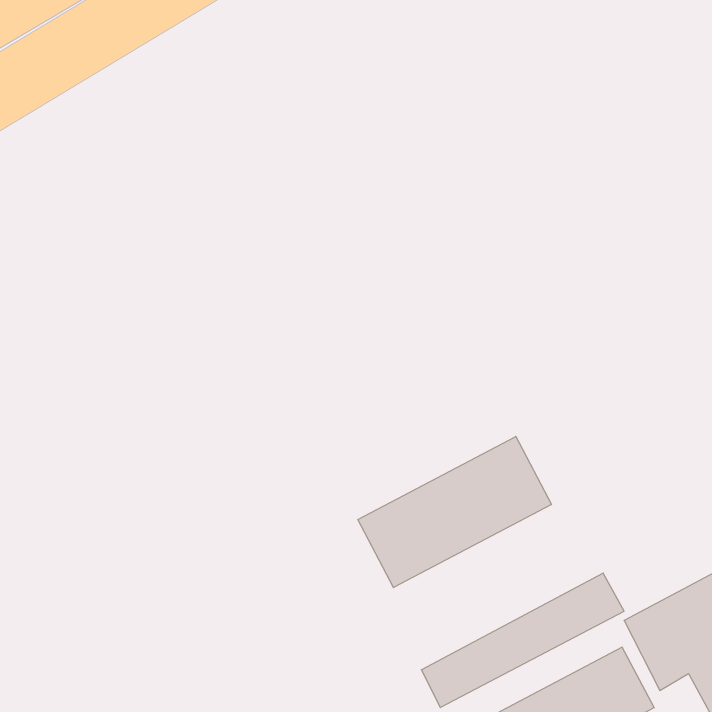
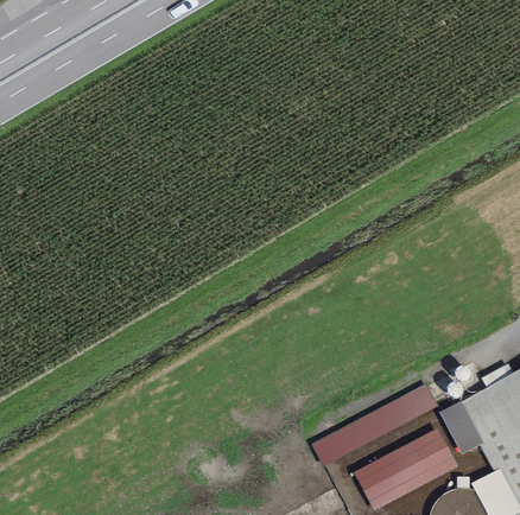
building: [358,436,551,588] -> none

